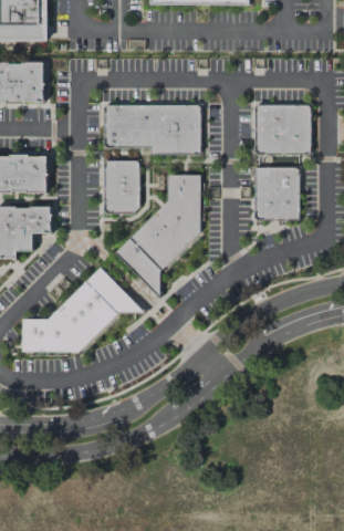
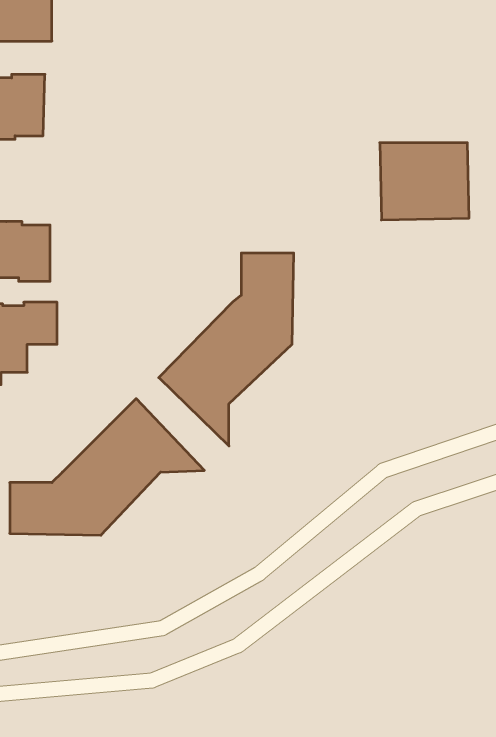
building: [103,104,200,154] -> none
building: [105,162,139,214] -> none
building: [254,168,299,220] -> none

